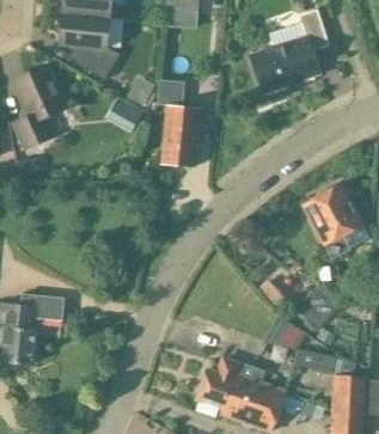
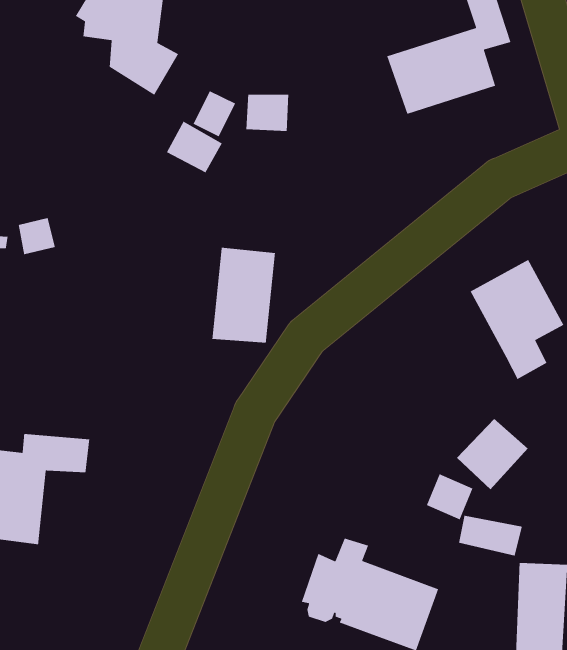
building: [12,65,65,149] -> none
building: [160,105,201,166] -> [211,247,276,343]

